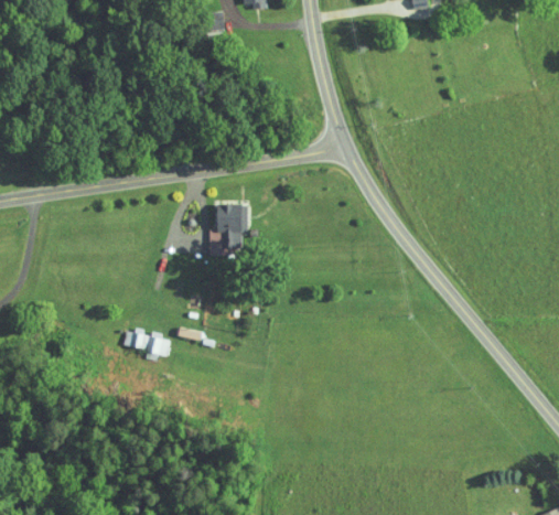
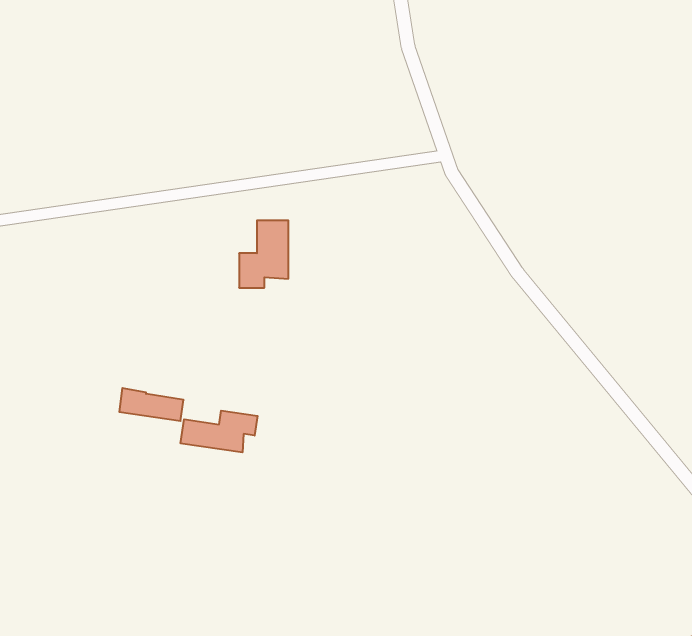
building: none -> [181,411,258,452]

